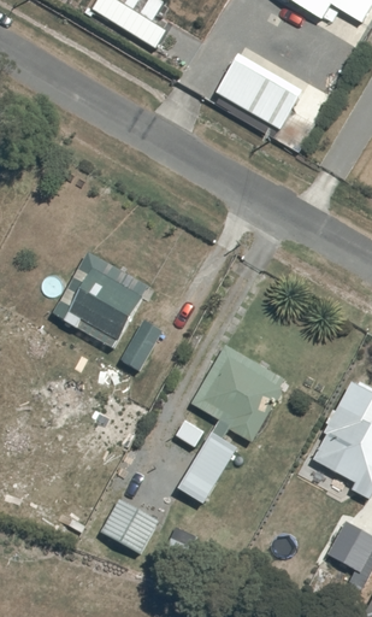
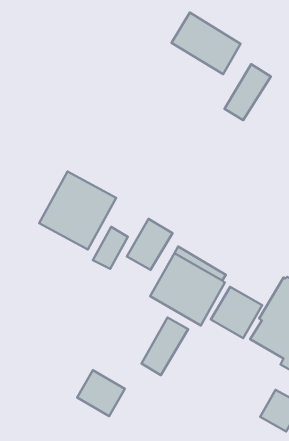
building: none -> [224,64,271,120]
building: none -> [127,219,173,270]
building: none -> [211,287,262,338]

